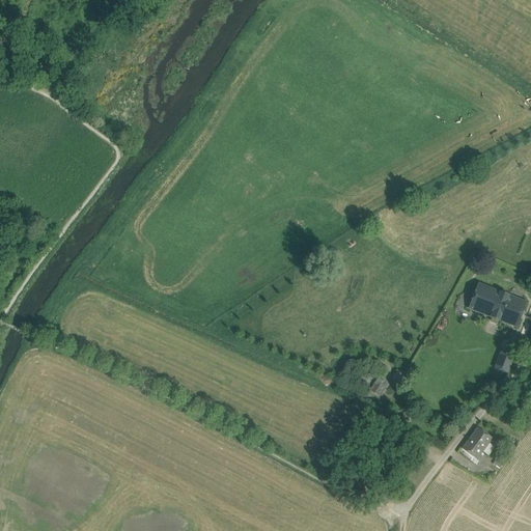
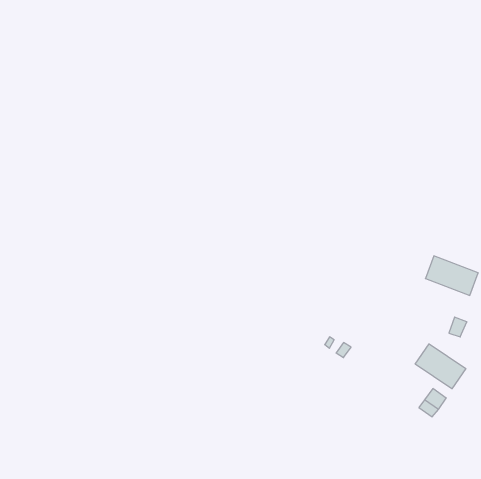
building: none -> [415,344,466,389]

